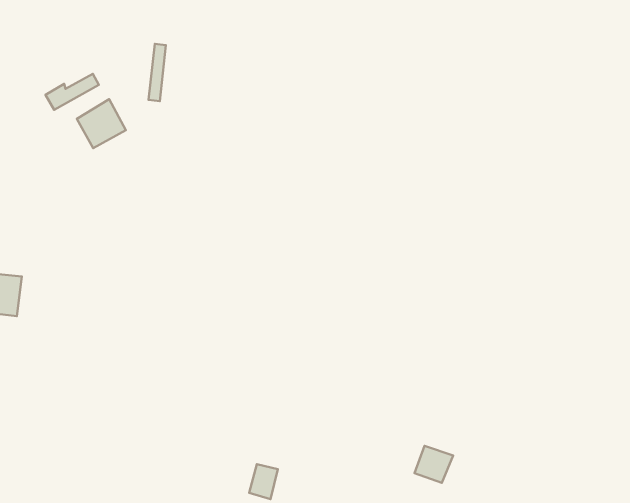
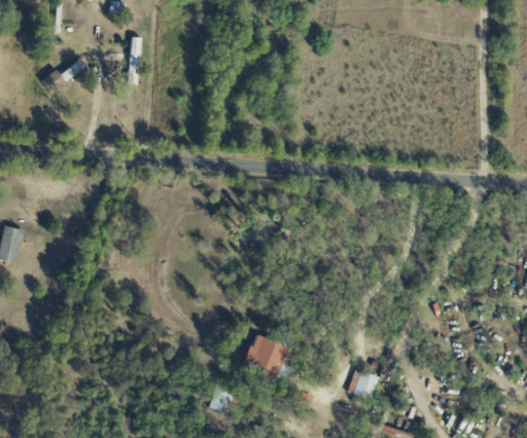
building: [77,99,126,148] -> none
building: none -> [245,334,292,381]

